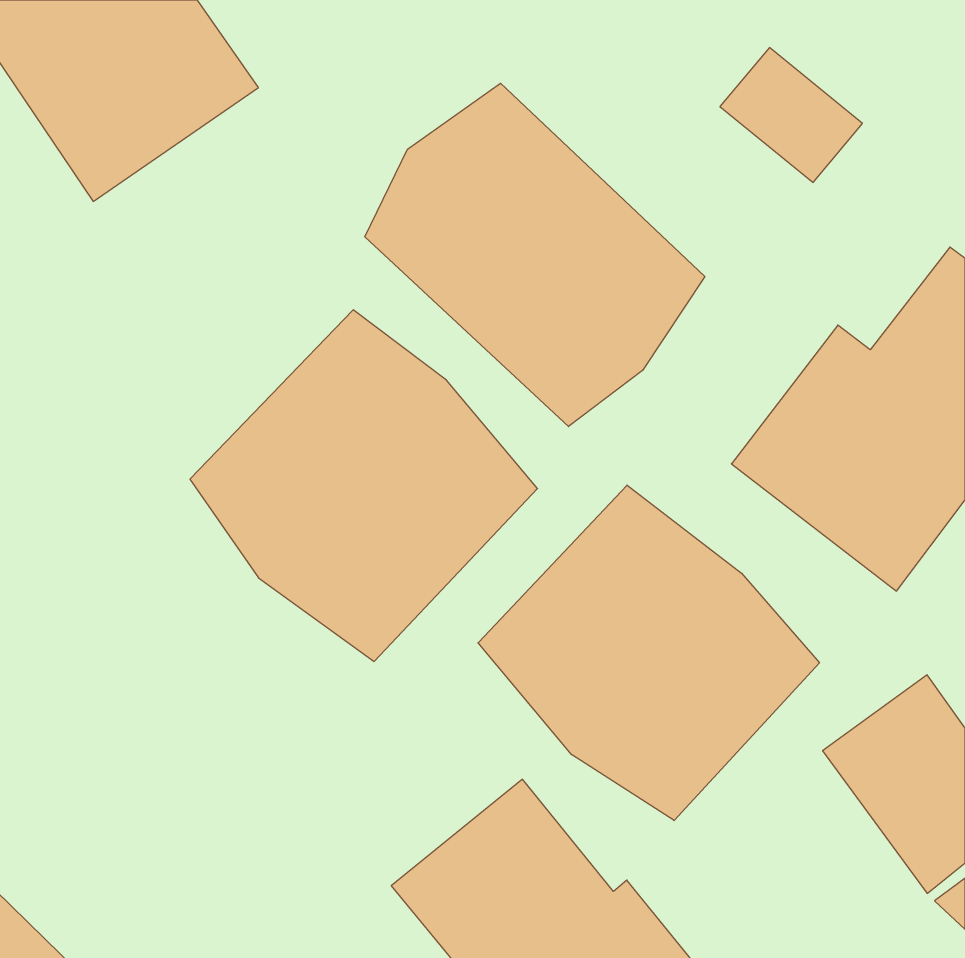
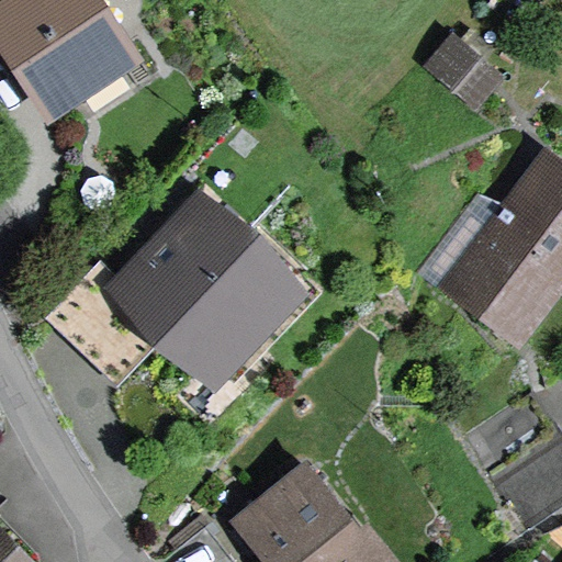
building: [365,83,705,427] -> none
building: [478,485,819,821] -> none

